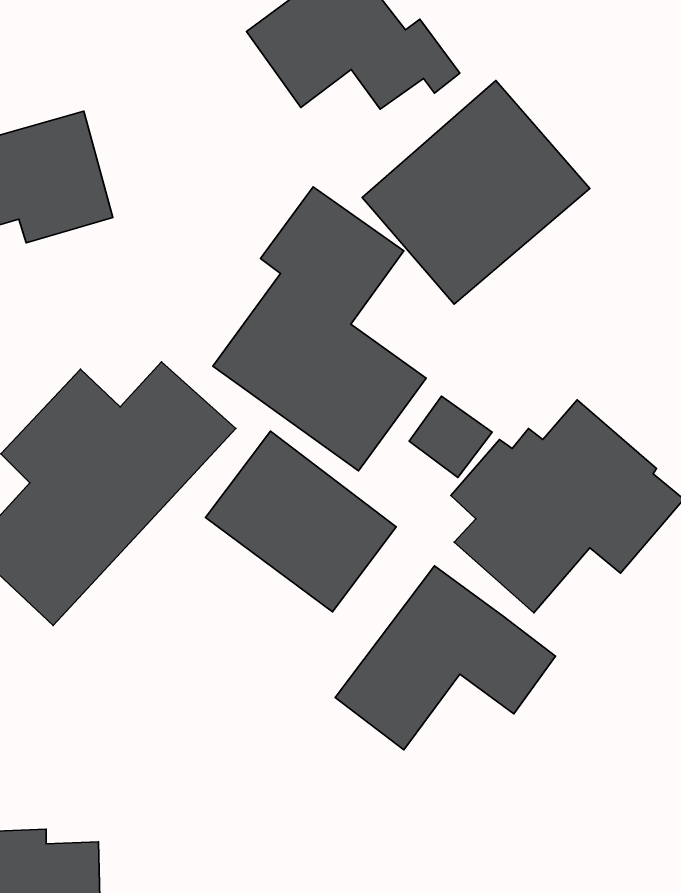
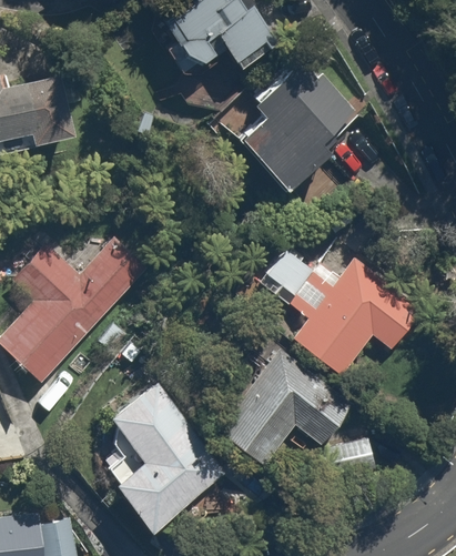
building: [213,187,426,471] -> none
building: [205,431,396,612] -> none
building: none -> [93,377,224,536]

